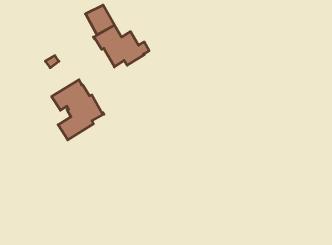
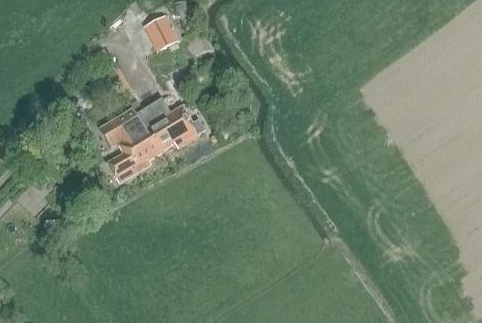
building: [93,25,149,67] -> [136,98,205,150]

